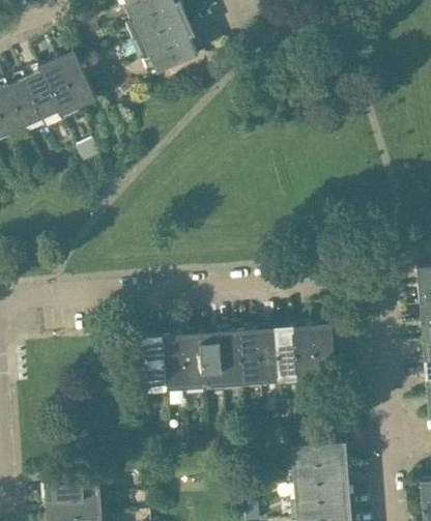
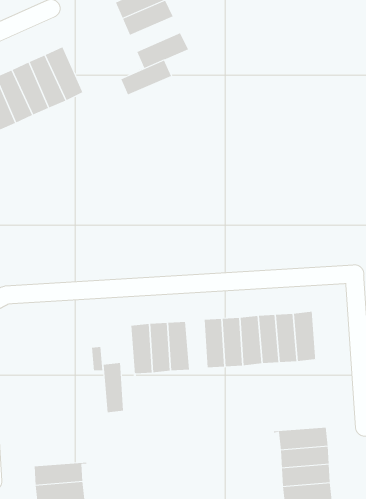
building: [142,21,195,57] -> [120,60,172,95]
building: [200,332,222,384] -> [103,362,124,413]

